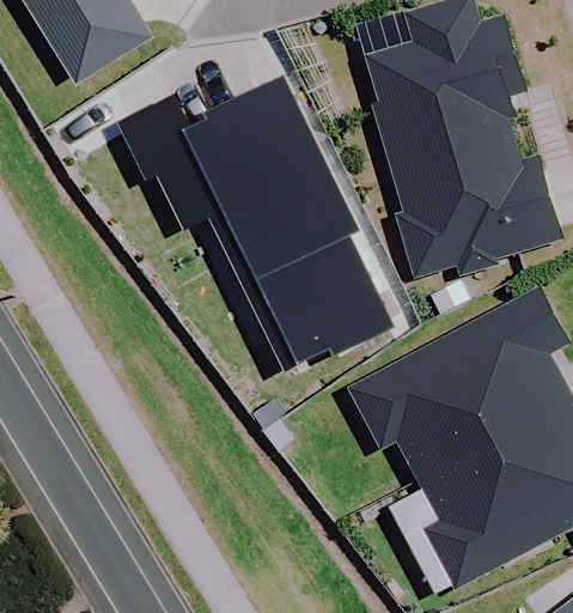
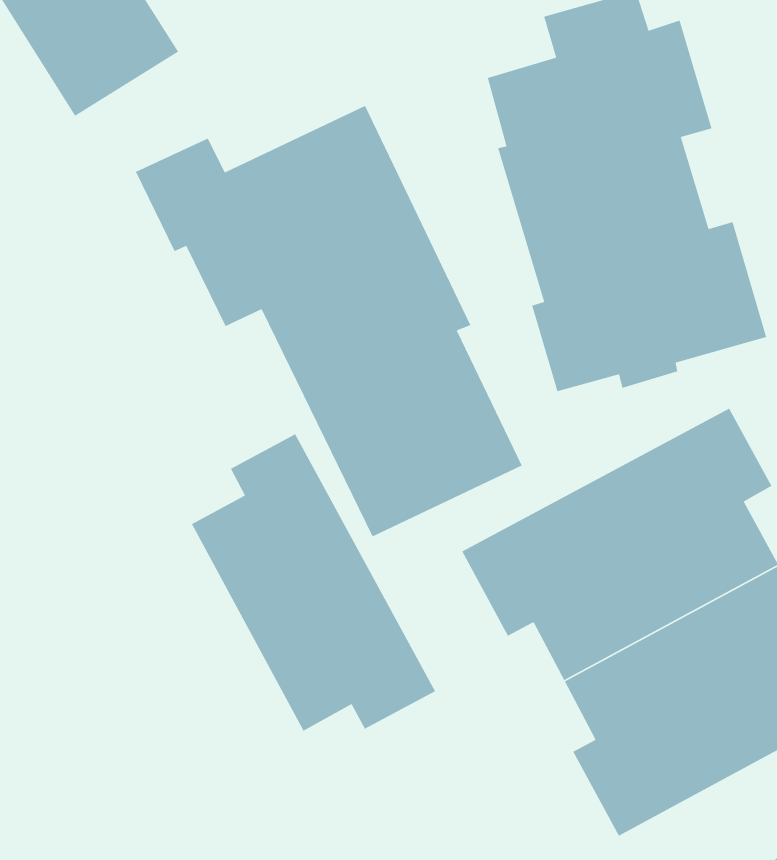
building: none -> [191,433,436,732]

